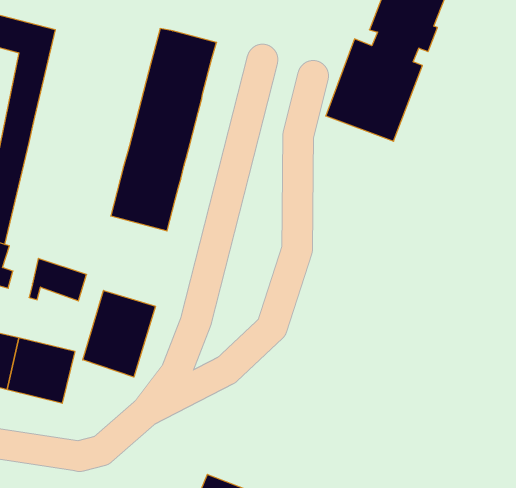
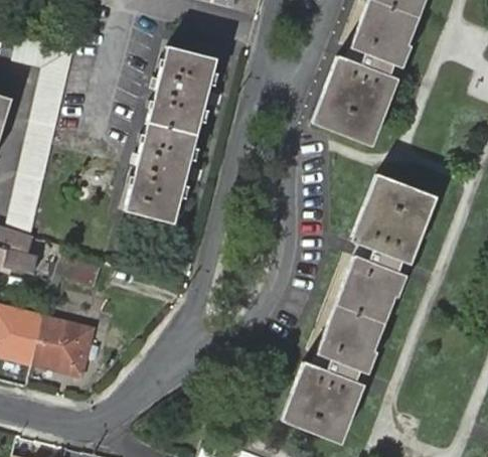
building: none -> [281,174,436,443]
building: [83,290,155,377] -> none

